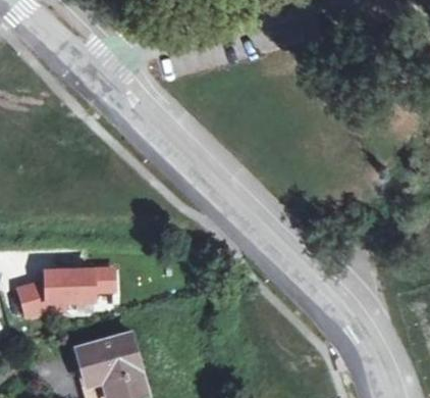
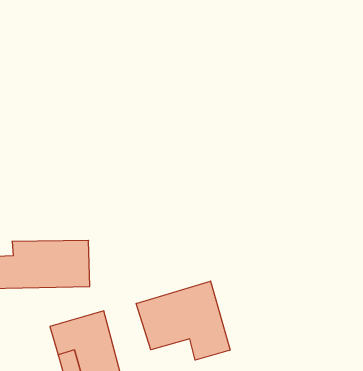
building: none -> [136,281,230,360]

